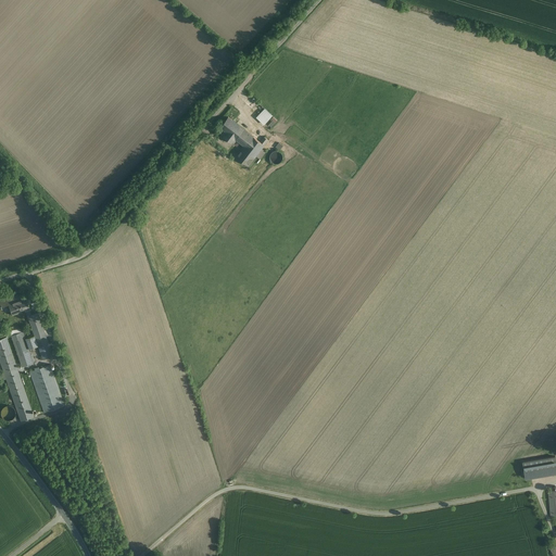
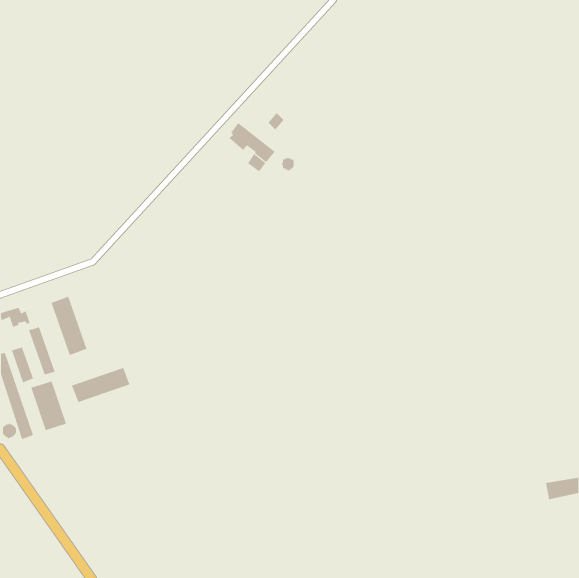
building: none -> [51,296,87,356]
building: none -> [71,367,130,403]

